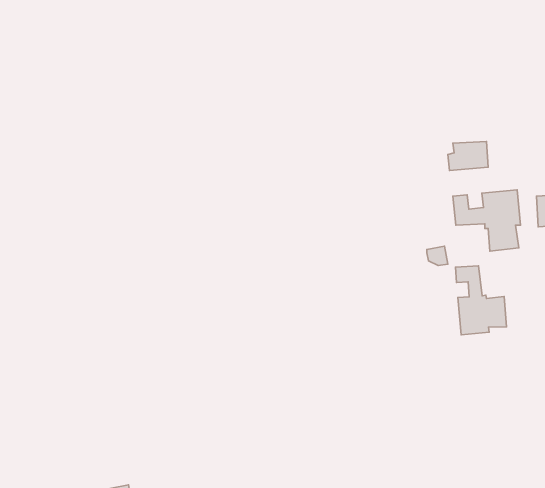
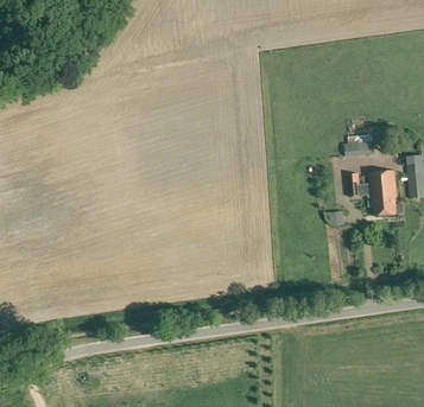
building: [455,266,507,335] -> none

